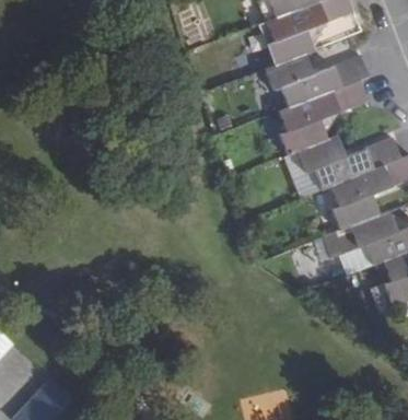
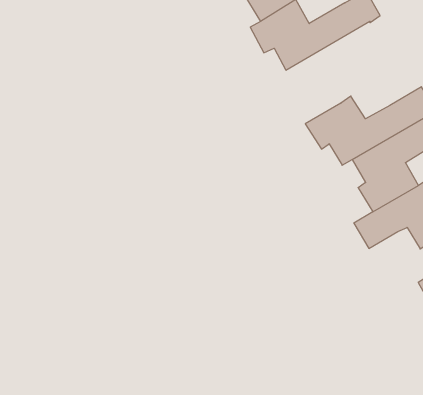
building: [279,79,369,155] -> none

